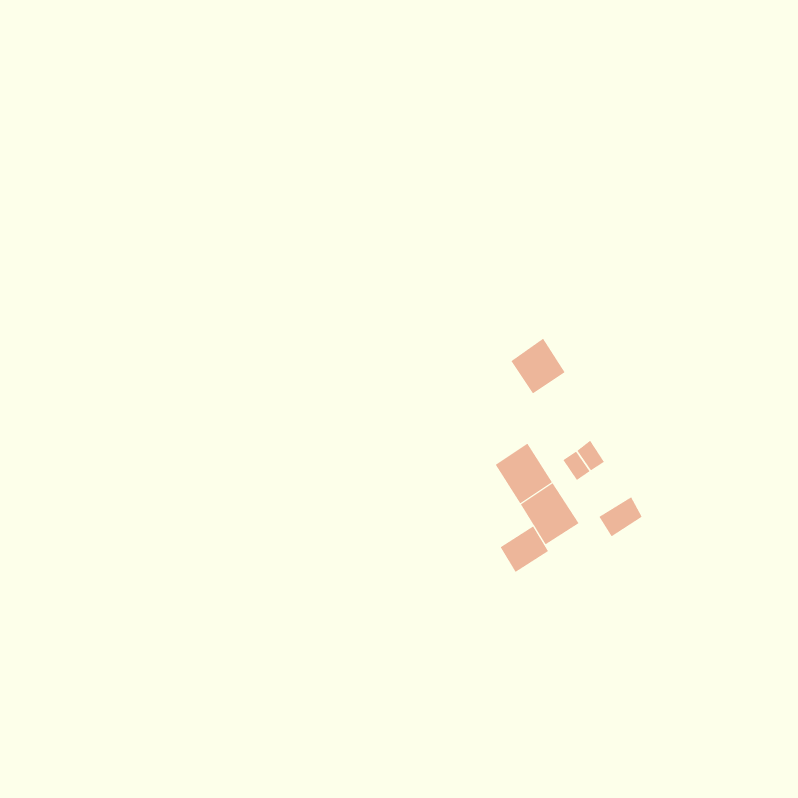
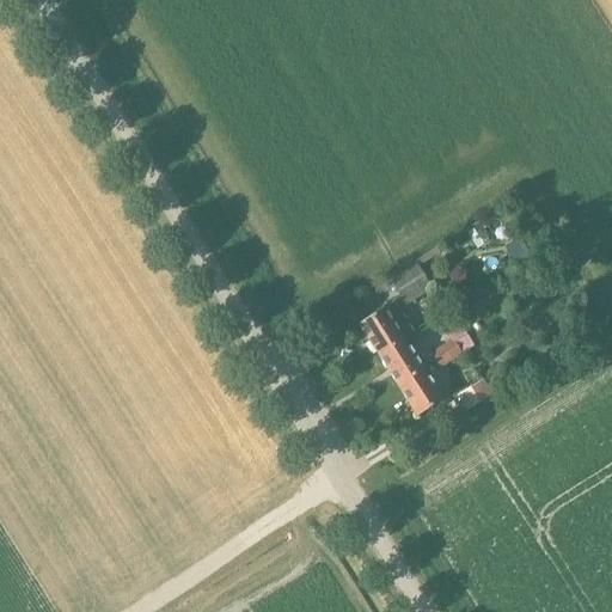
building: none -> [360,299,417,354]
building: [500,526,549,573] -> none

